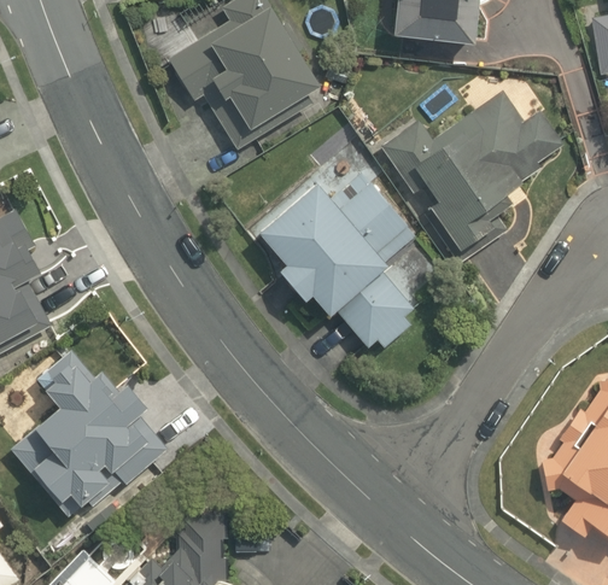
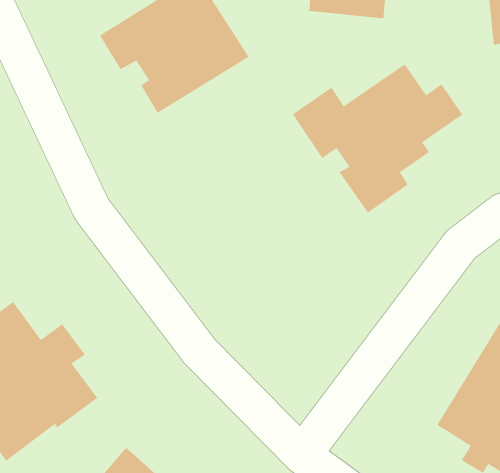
building: [262,174,421,355] -> none

